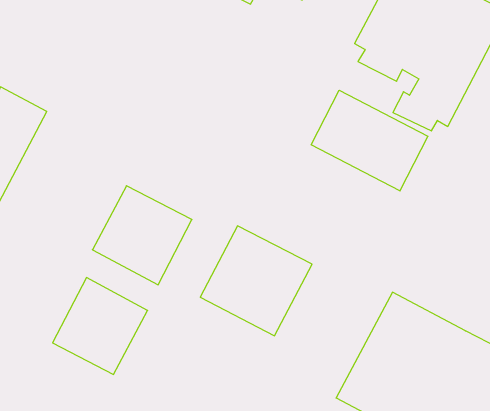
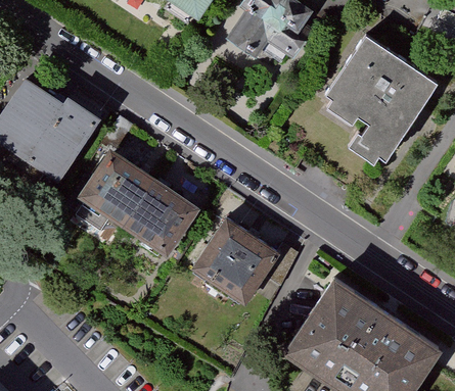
building: [311,90,428,191] -> none
building: [53,278,148,374] -> [78,153,149,226]

